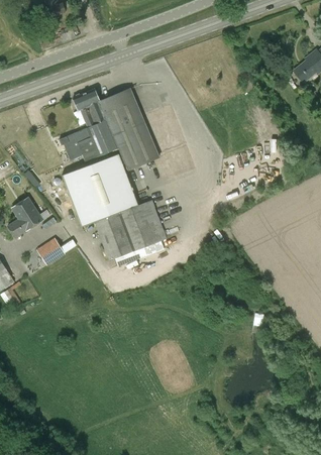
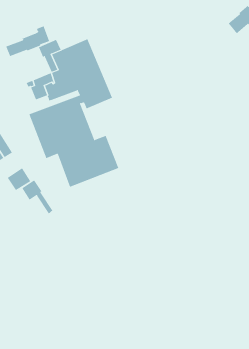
building: none -> [6,25,50,57]
building: none -> [22,179,53,214]

